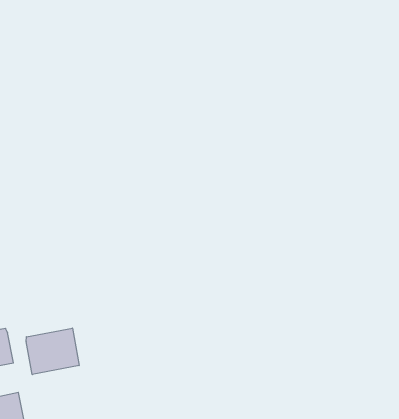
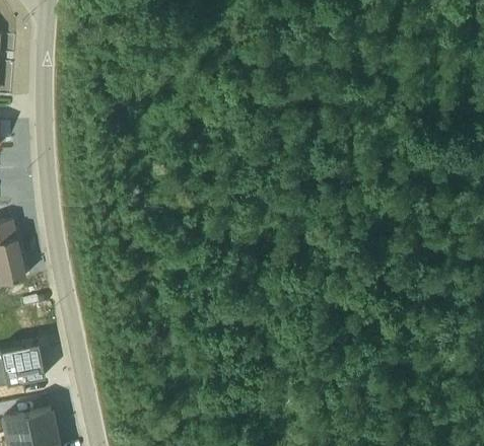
building: [26,328,79,375] -> none

